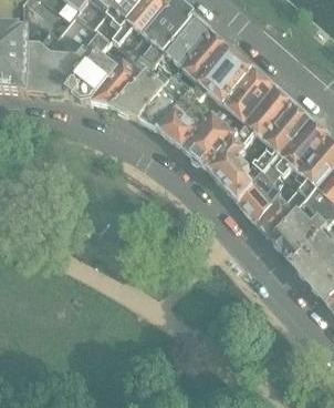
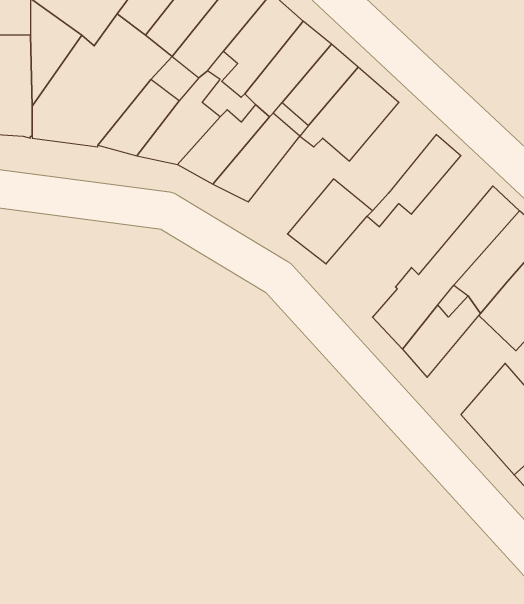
building: [222,67,276,123] -> none
building: [159,88,216,149] -> none
building: [251,100,312,174] -> none
building: [208,137,252,201] -> none
building: [271,200,326,262] -> none

